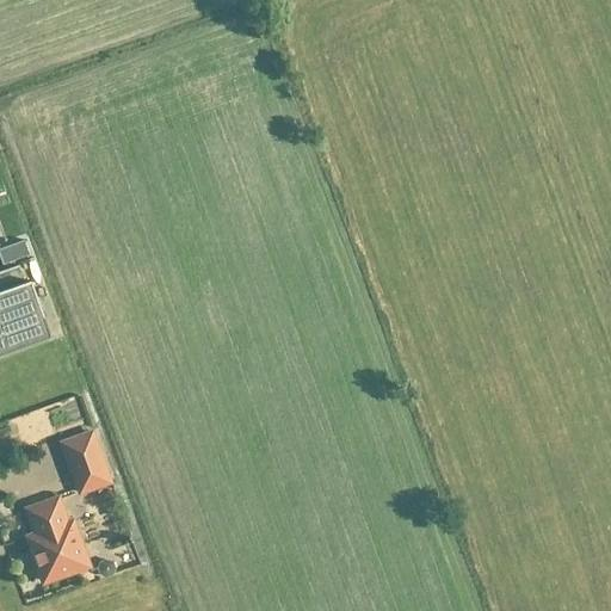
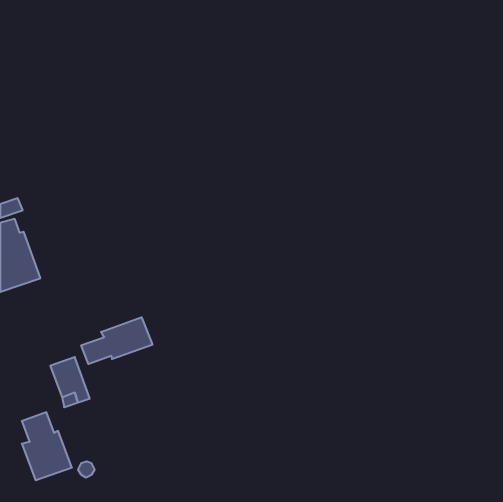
building: none -> [81,317,152,364]

